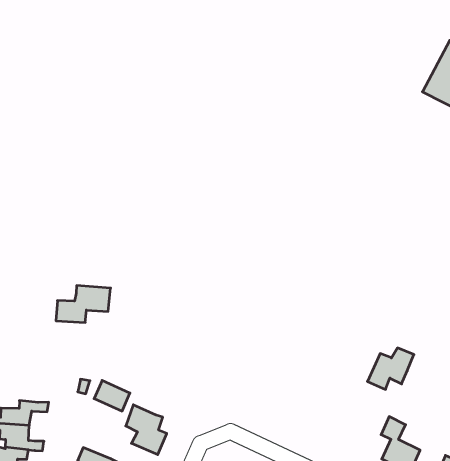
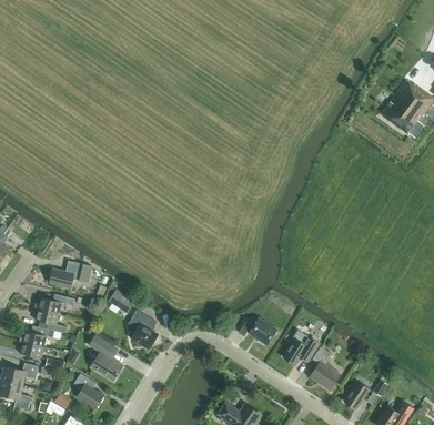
building: [56,286,111,322] -> [50,260,93,287]
building: [367,348,414,389] -> [283,336,320,365]
building: none -> [239,317,277,345]

